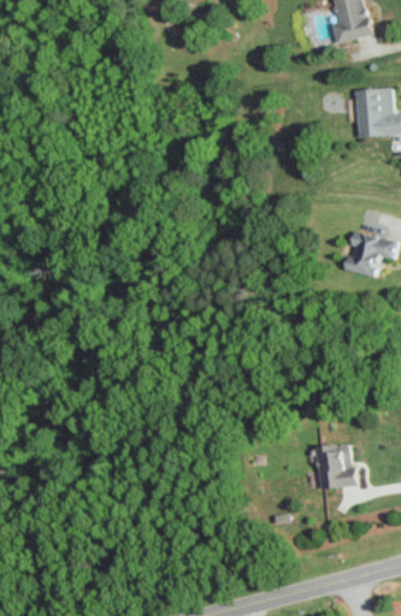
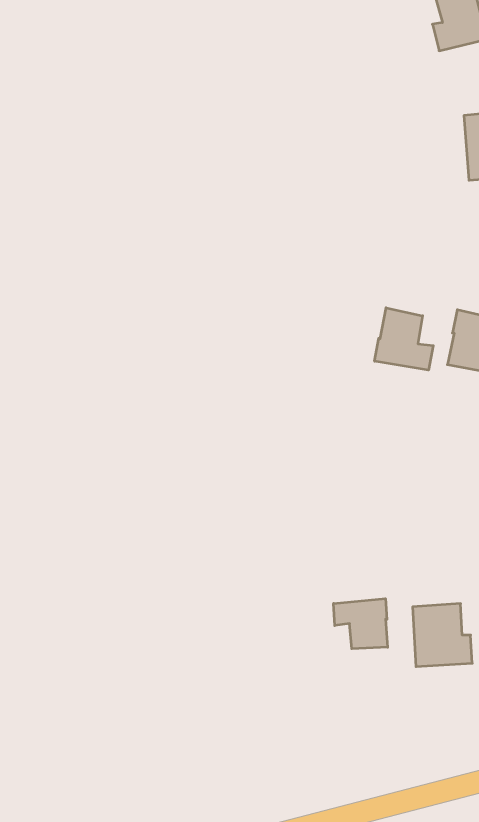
building: none -> [375,308,433,370]
building: none -> [334,599,388,649]

